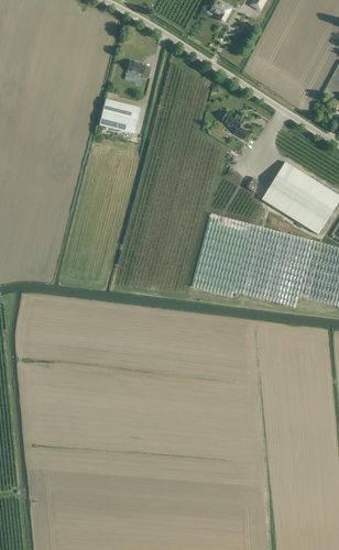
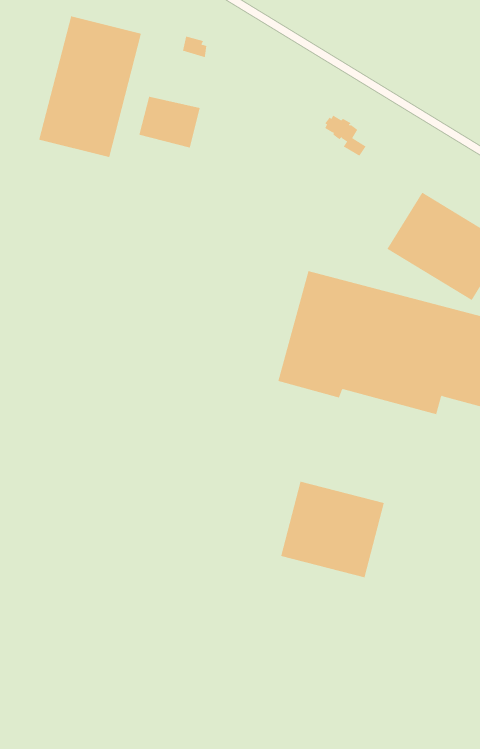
building: none -> [39,16,141,158]
building: none -> [280,481,384,578]

